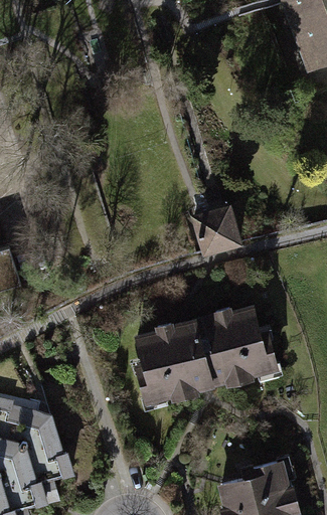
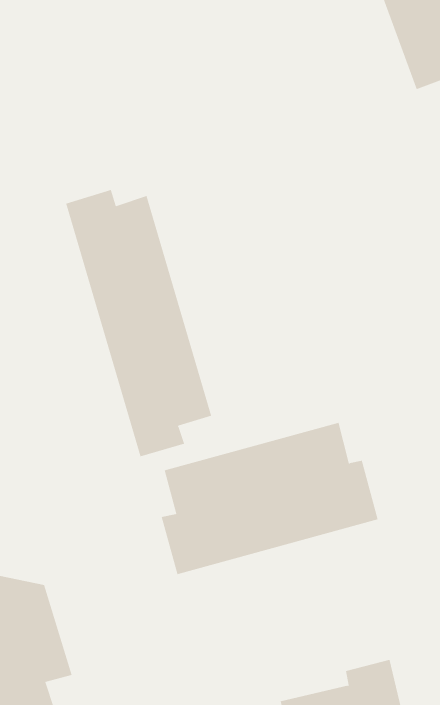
building: none -> [66,189,212,457]
building: [192,209,236,253] -> none

